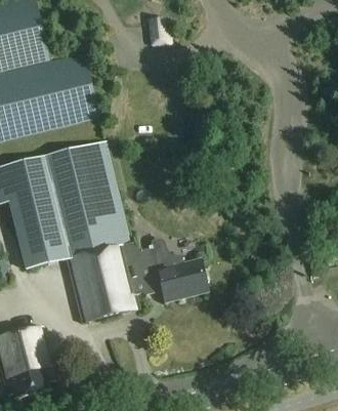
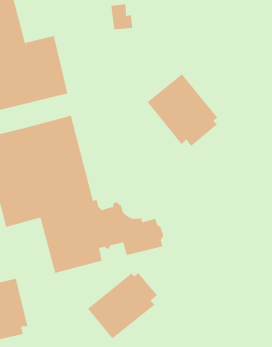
building: none -> [147,73,218,147]
building: none -> [87,272,158,339]

